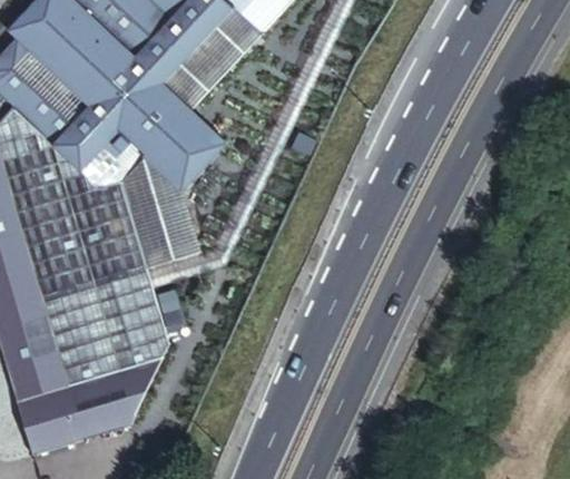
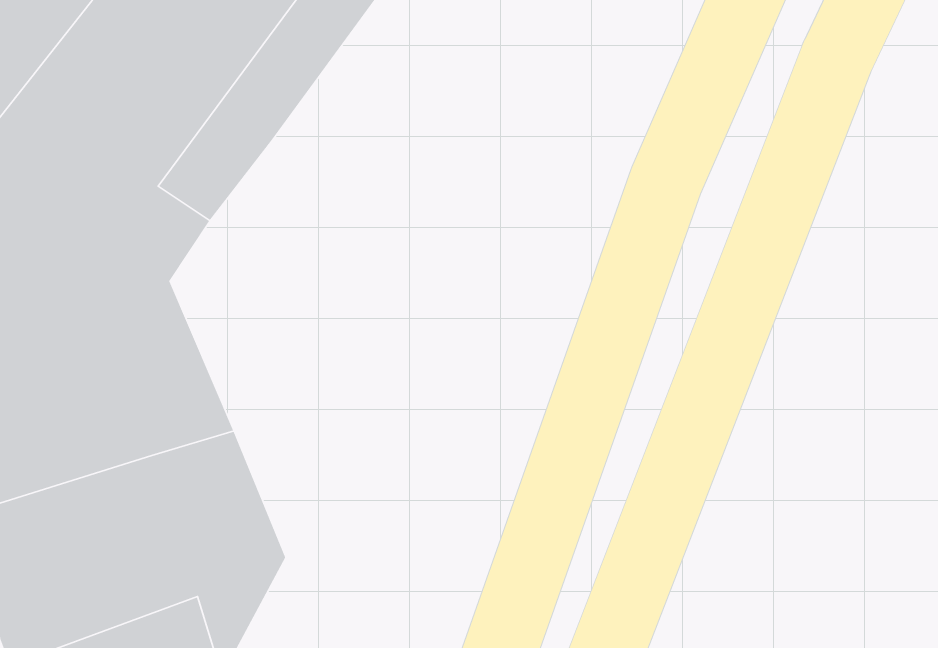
building: [119,116,222,278] -> none

